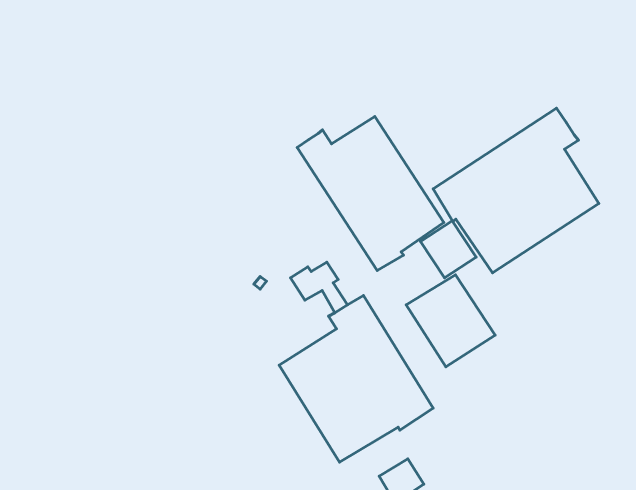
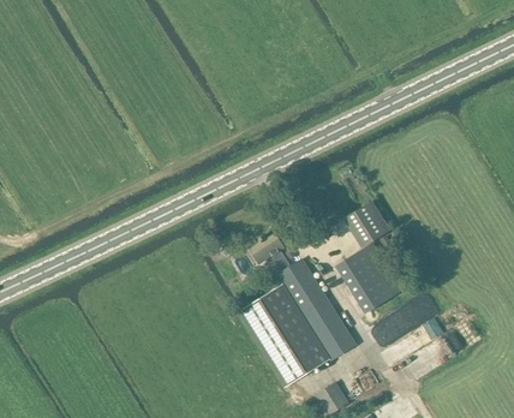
building: [433,108,599,273] -> none
building: [297,117,444,270] -> none

